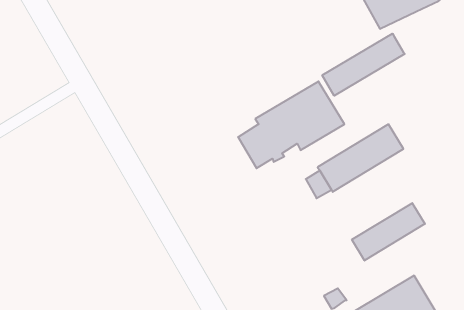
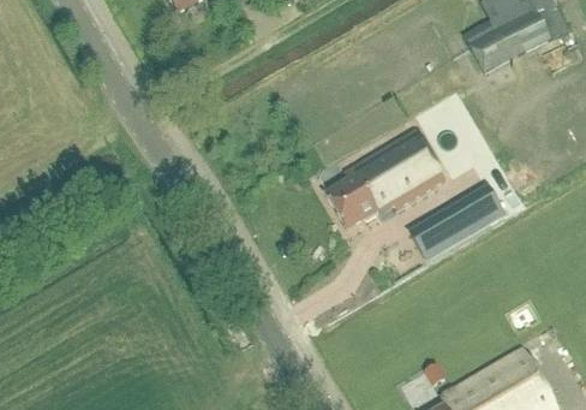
building: [322,34,405,96] -> none
building: [352,203,425,261] -> none

